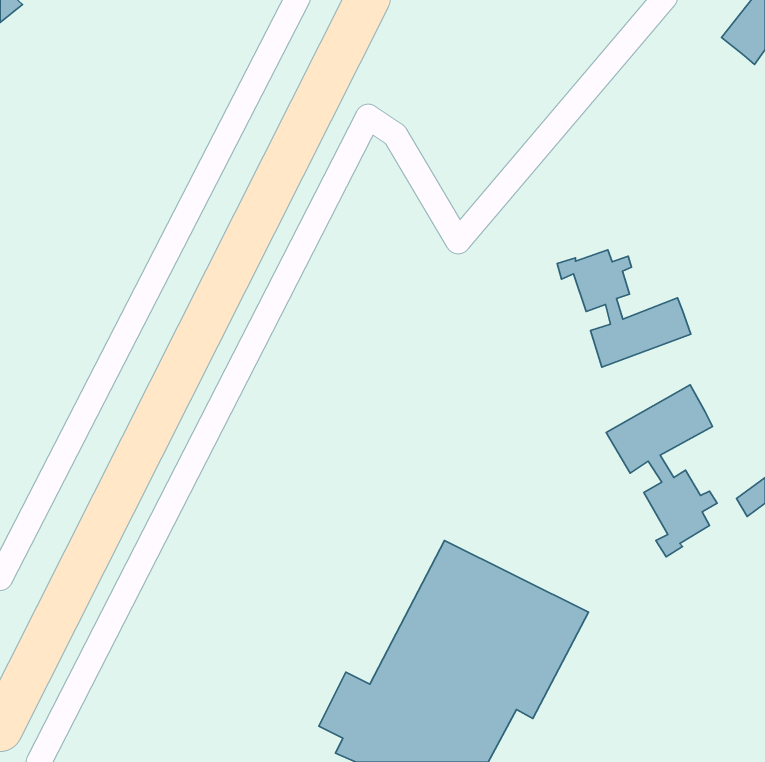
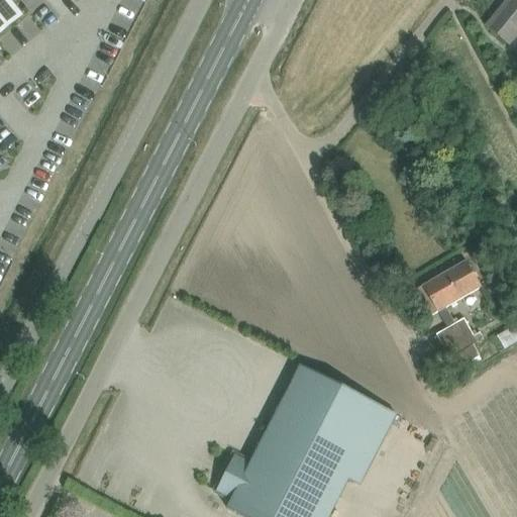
building: [557,250,691,367] -> none

